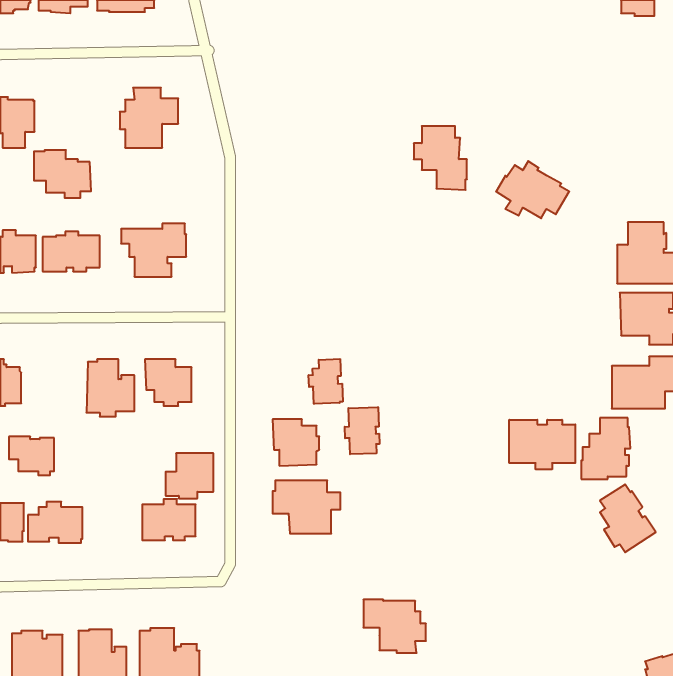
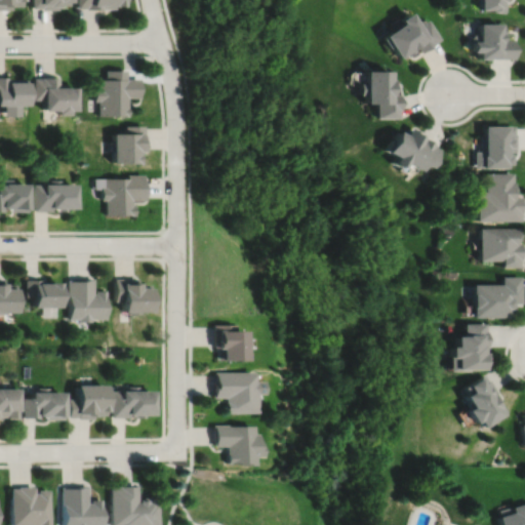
building: none -> [387,17,444,58]
building: none -> [474,28,518,59]
building: [414,126,467,190] -> [362,70,403,119]
building: [34,150,91,198] -> [38,78,82,115]
building: none -> [114,126,149,164]
building: none -> [478,126,520,168]
building: [309,359,343,404] -> none
building: [345,407,379,454] -> none
building: [509,420,575,469] -> none
building: [9,437,54,475] -> [30,282,65,312]
building: [166,453,213,498] -> [72,387,109,421]
building: [363,600,426,653] -> [216,427,265,468]

